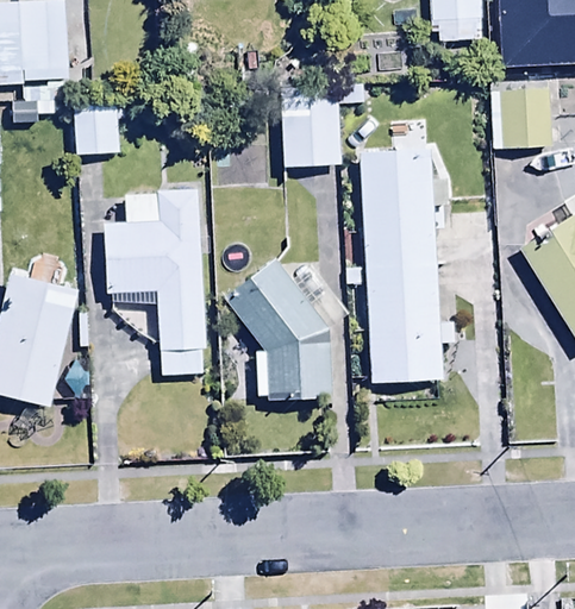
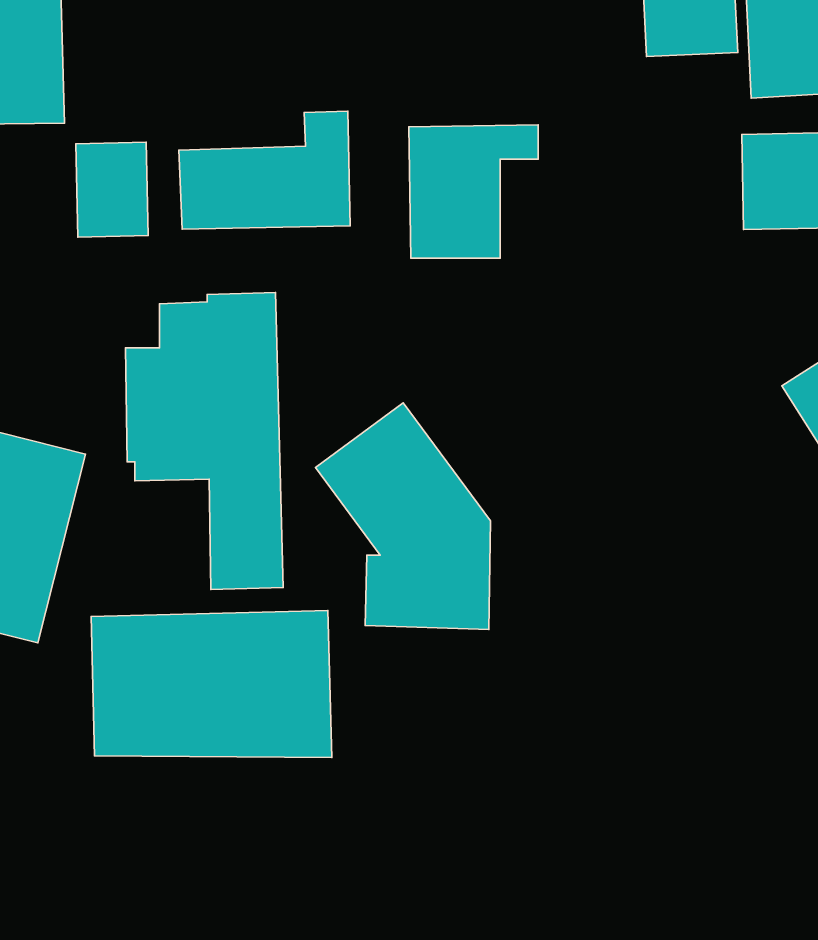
building: none -> [179,111,350,229]
building: [344,149,455,384] -> none
building: none -> [91,610,332,757]

